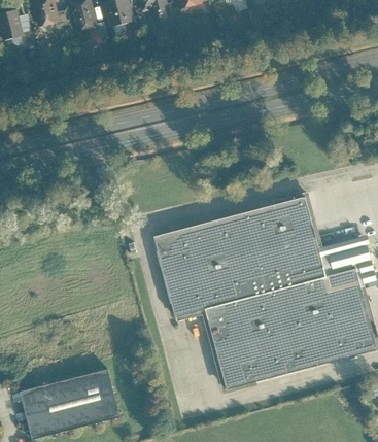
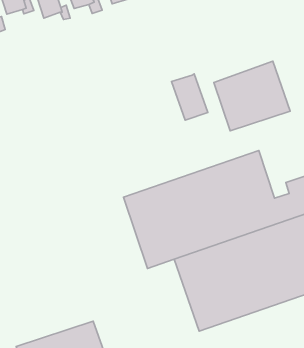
building: none -> [214,61,290,131]
building: none -> [171,74,208,120]

